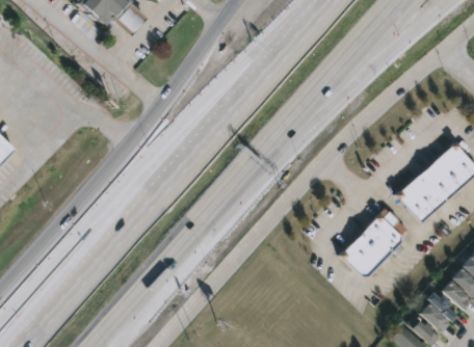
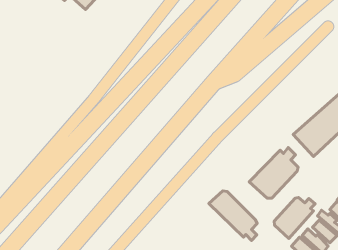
building: none -> [209,191,257,241]
building: none -> [274,197,315,239]

